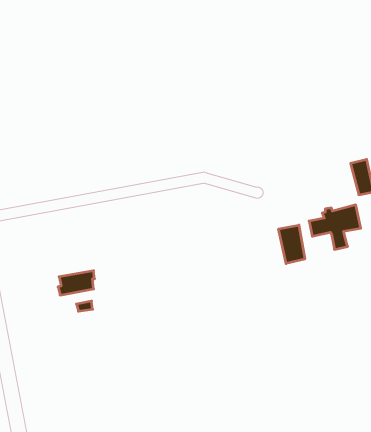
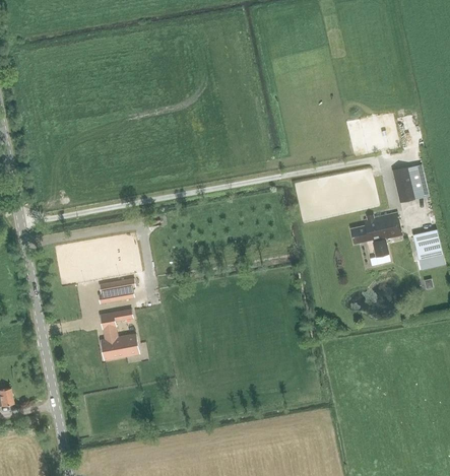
building: [279,225,305,264] -> none
building: none -> [101,312,139,359]

